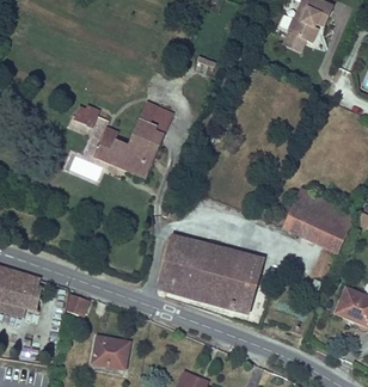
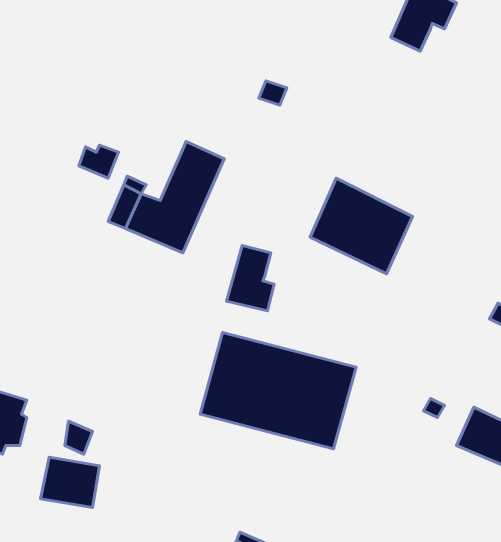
building: none -> [226,246,274,311]
building: [281,184,351,250] -> [310,178,412,274]
building: [90,334,130,369] -> [41,457,100,508]

